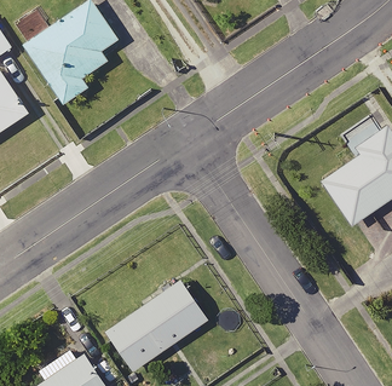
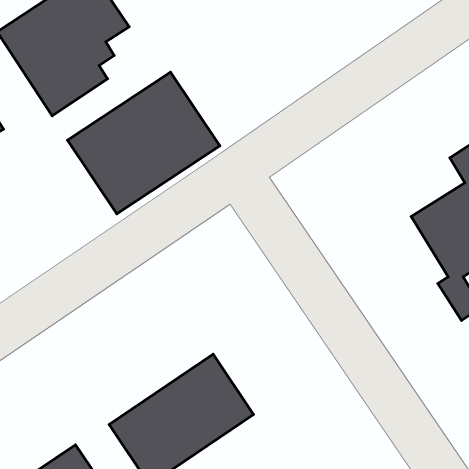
building: none -> [67,72,220,214]

